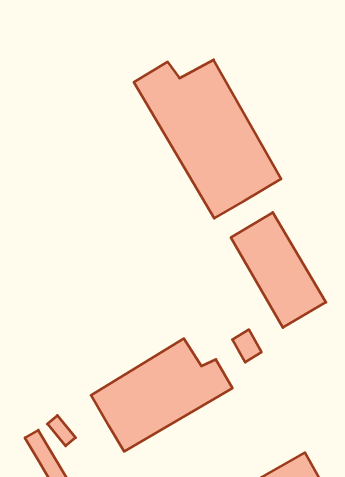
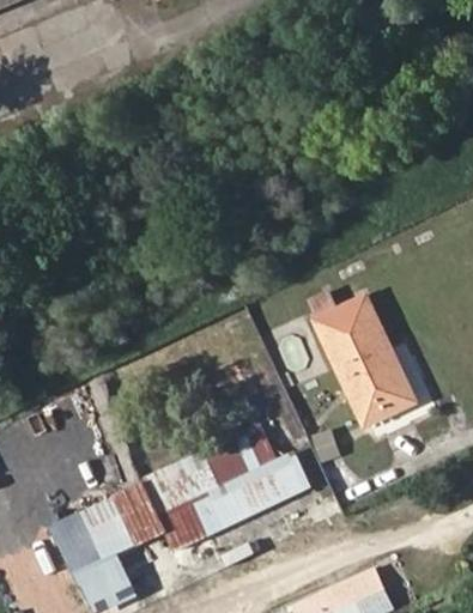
building: [134,60,281,218] -> none
building: none -> [116,482,162,532]

